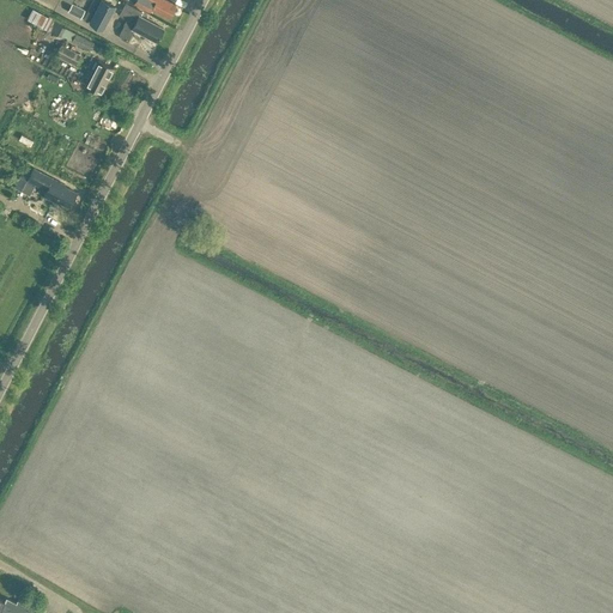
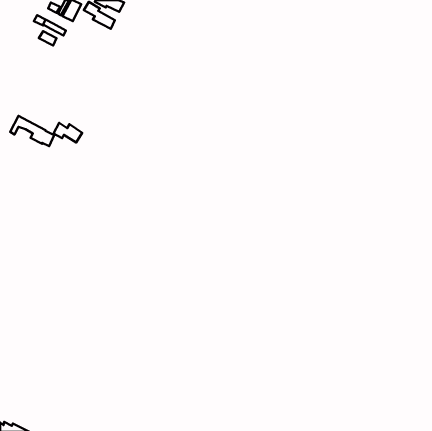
building: [85,61,114,93] -> none
building: none -> [54,123,82,143]

